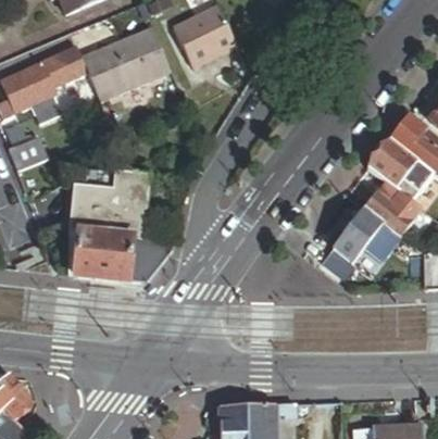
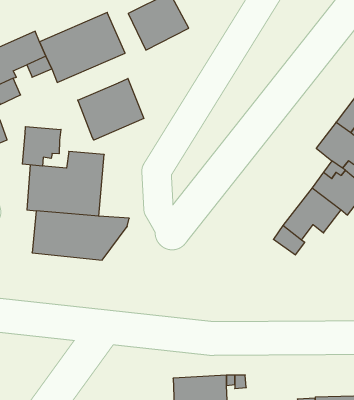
building: none -> [78,78,144,140]
building: none -> [22,127,61,166]

